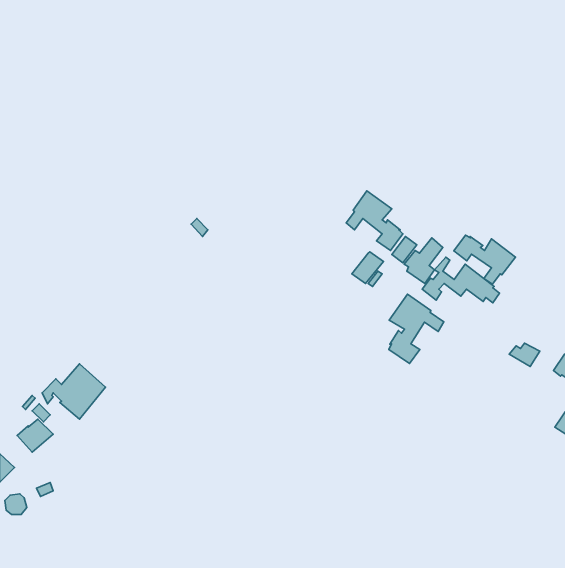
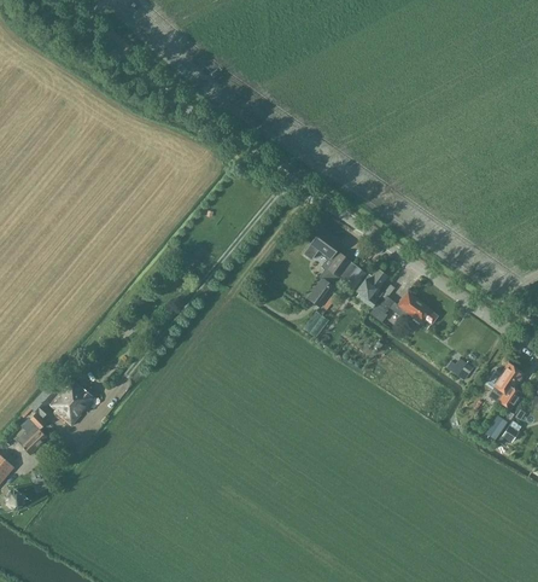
building: [454,235,516,284] -> none
building: [389,294,444,364] -> none

